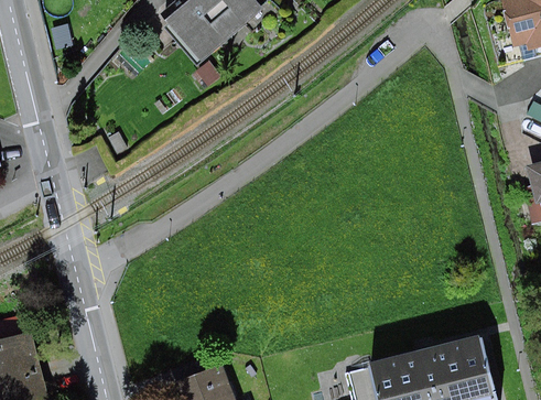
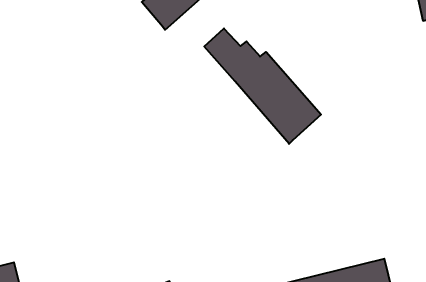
building: none -> [204,28,321,144]

